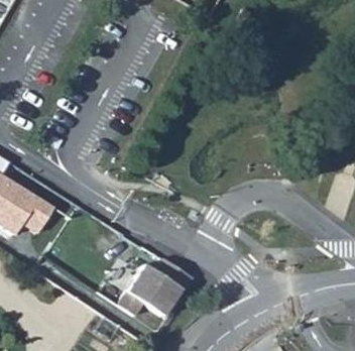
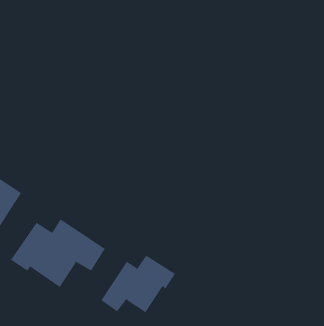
building: none -> [10,218,106,288]

